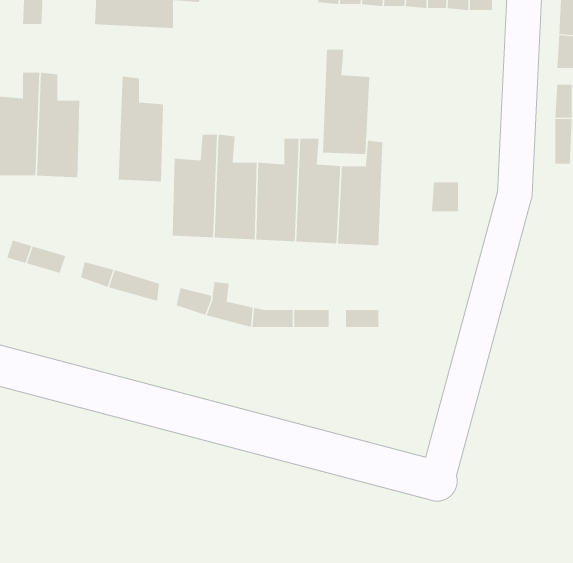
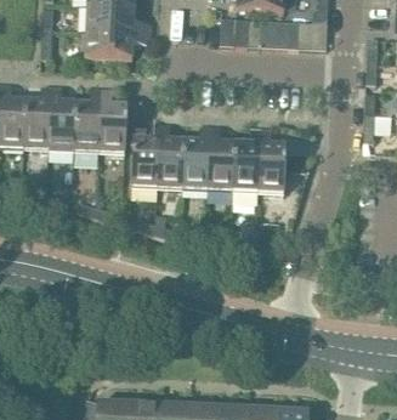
building: [322,49,370,155] -> [257,127,287,192]
building: none -> [74,87,101,151]

